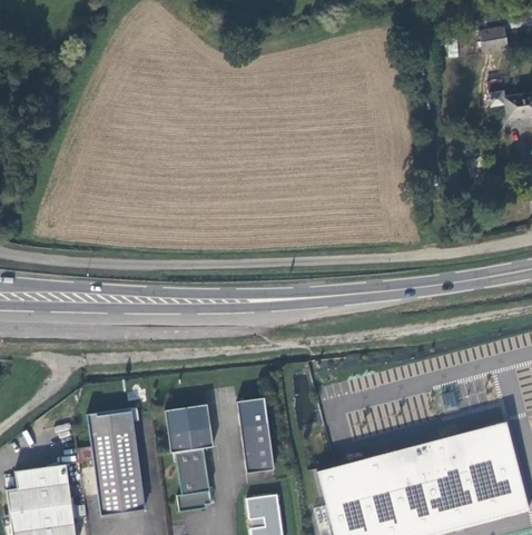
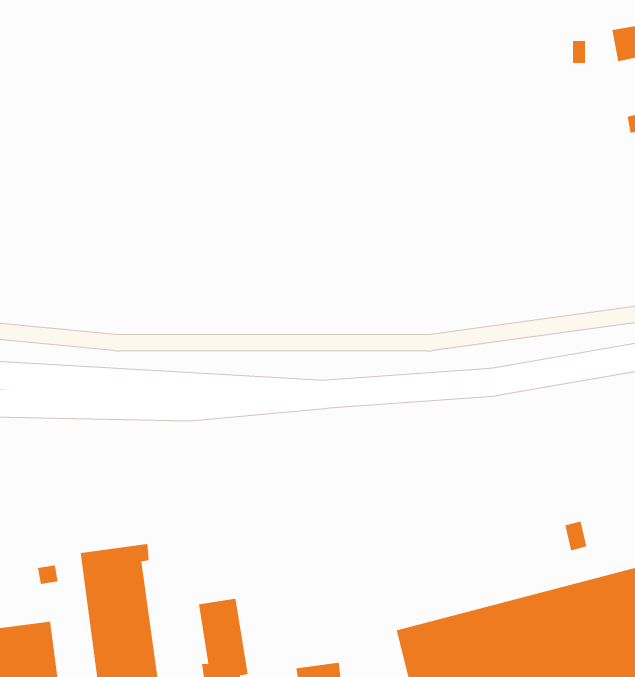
building: [235,398,273,474] -> none
building: [164,405,213,454] -> none

